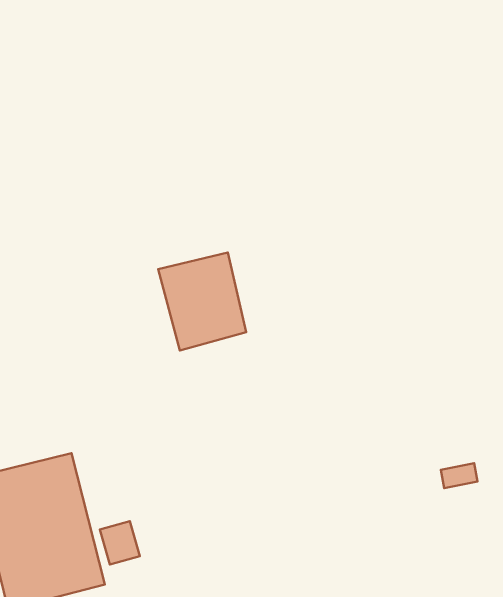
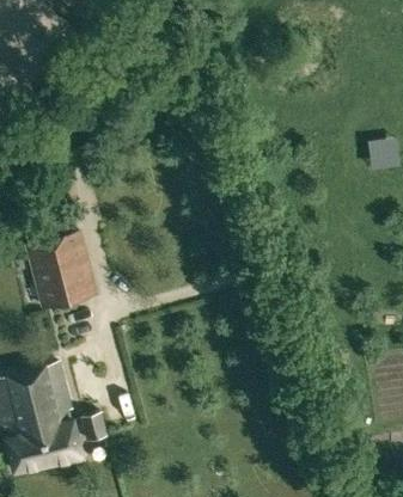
building: [158,252,246,351] -> [29,240,92,311]

